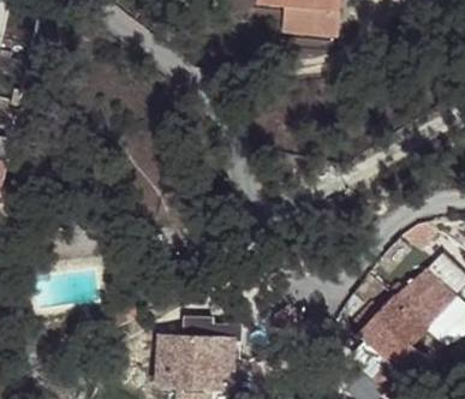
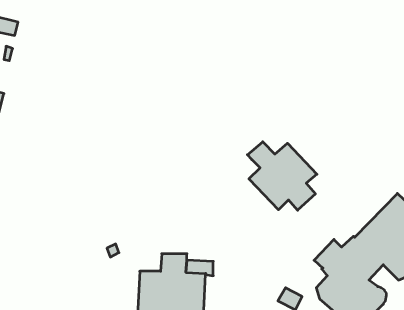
building: none -> [247,142,317,210]

